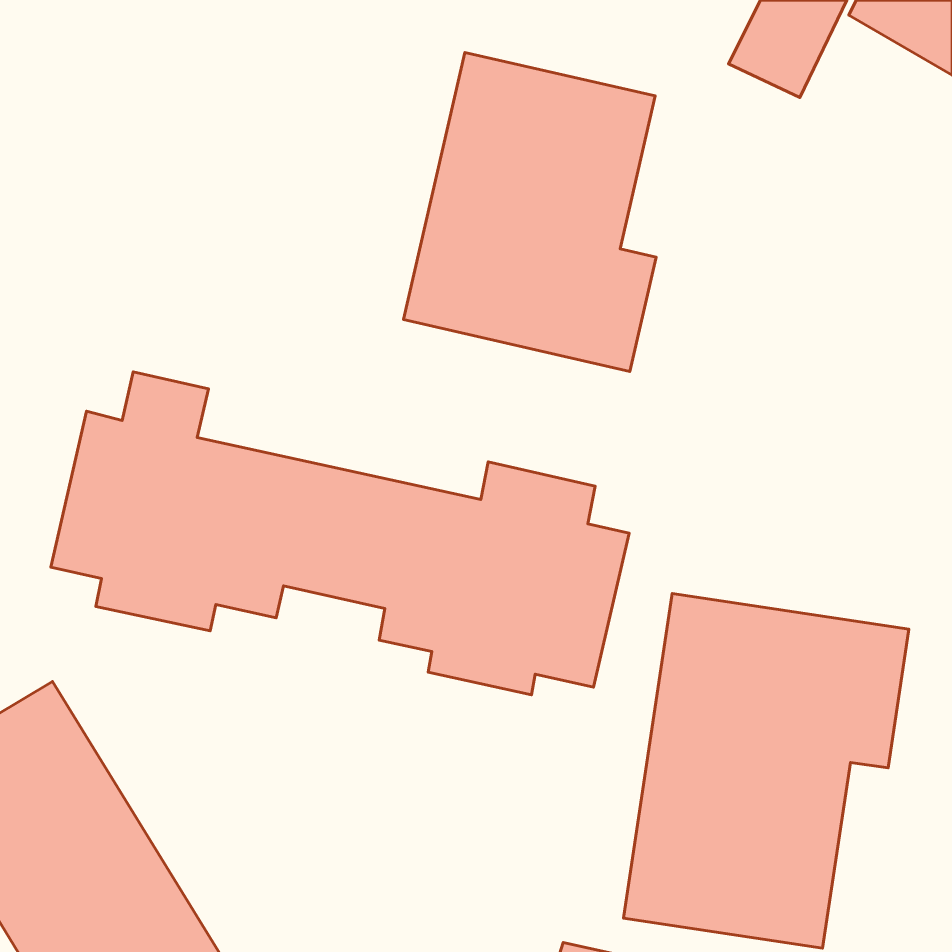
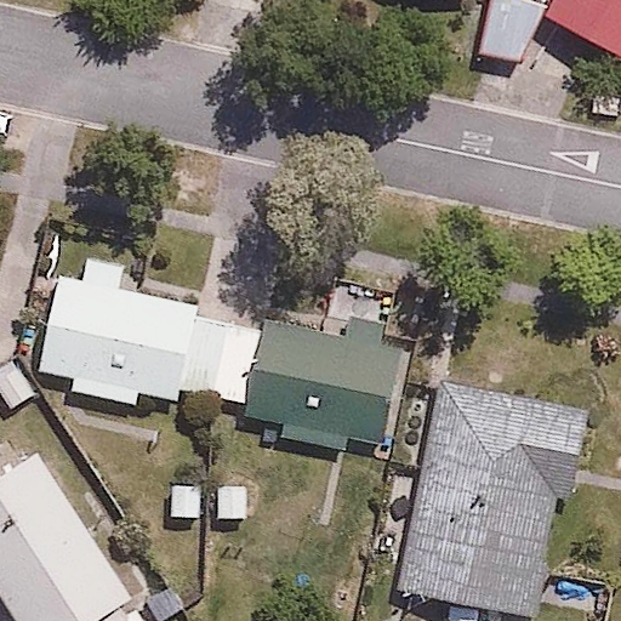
building: [404,52,656,371] -> none

